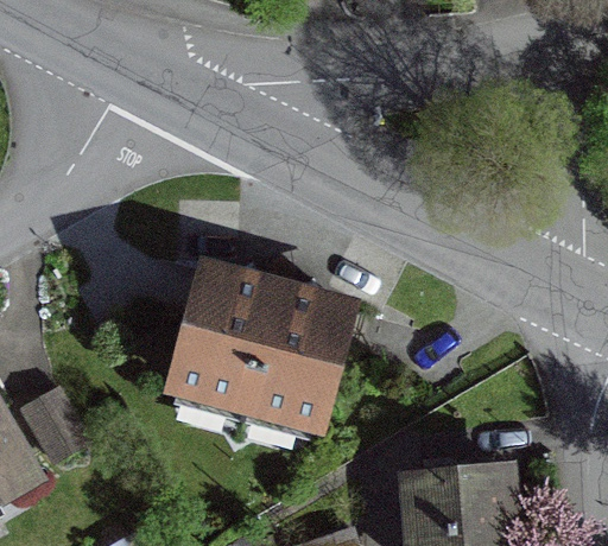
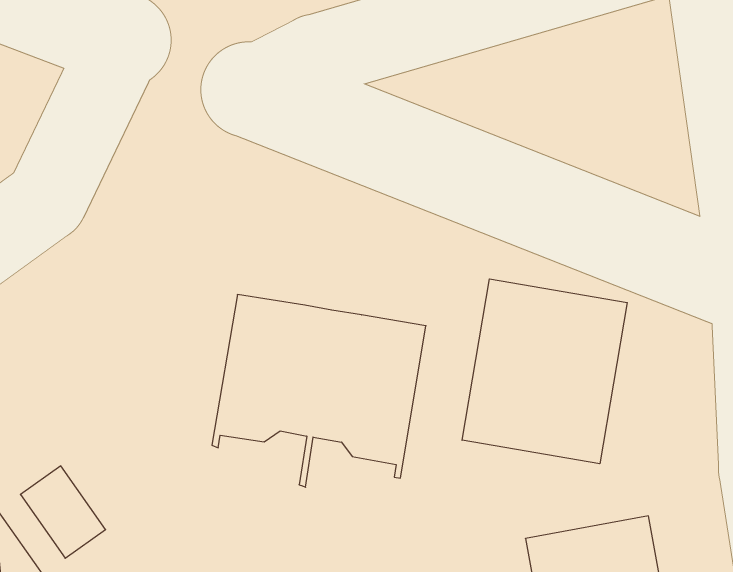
building: none -> [462,279,627,464]

